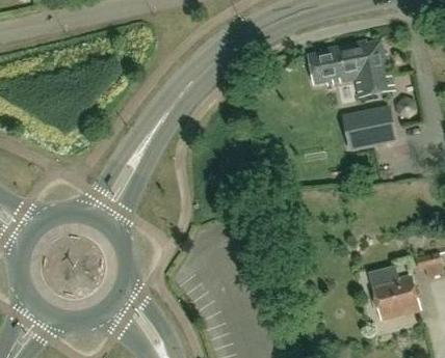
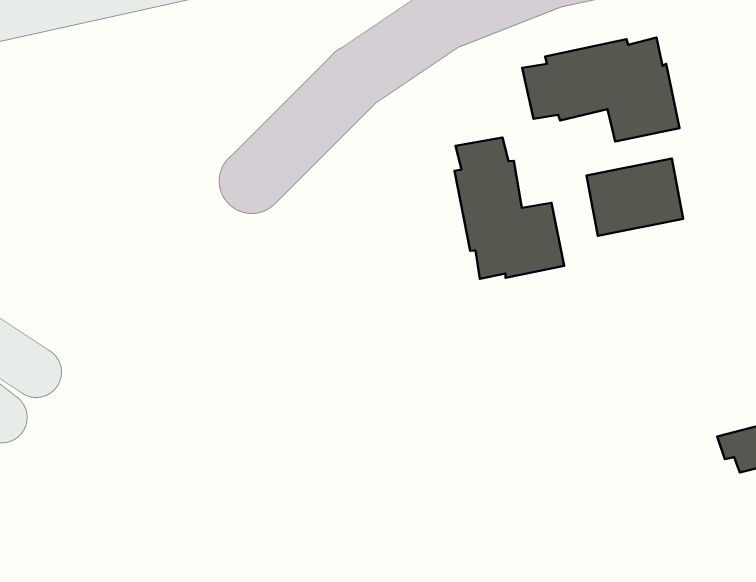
building: none -> [454,137,564,279]
building: [367,268,420,322] -> none

